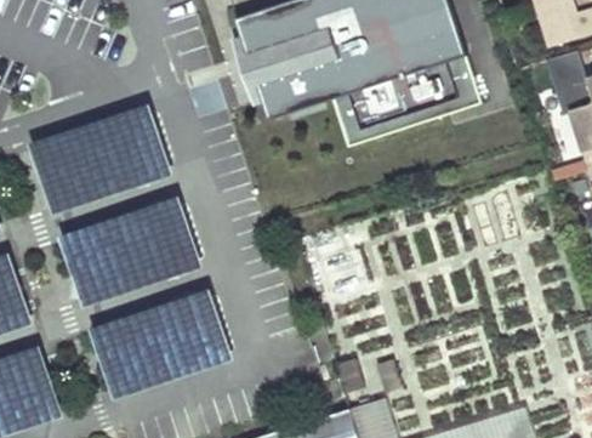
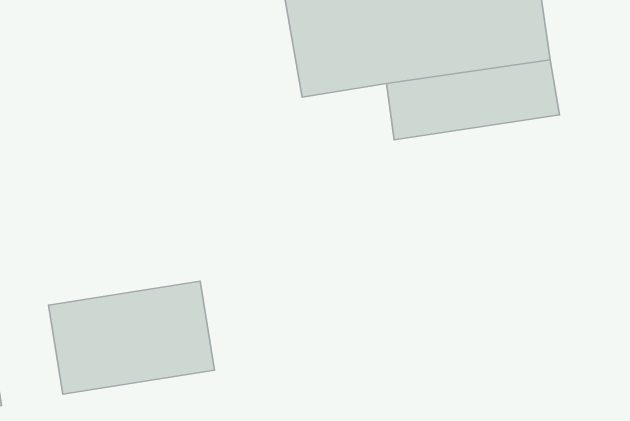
building: [29,104,172,214] -> none
building: [57,194,200,303] -> none

